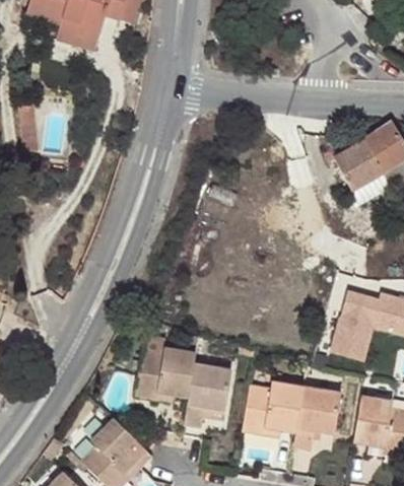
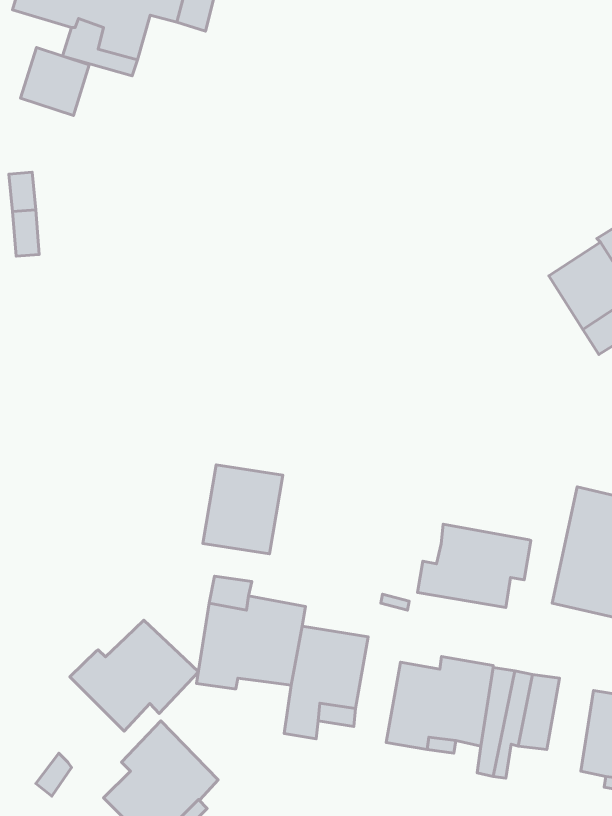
building: none -> [21,48,89,116]
building: none -> [203,465,283,554]
building: none -> [418,524,531,607]
building: none -> [70,620,198,731]

